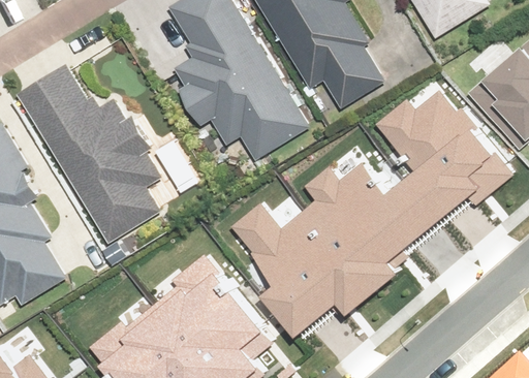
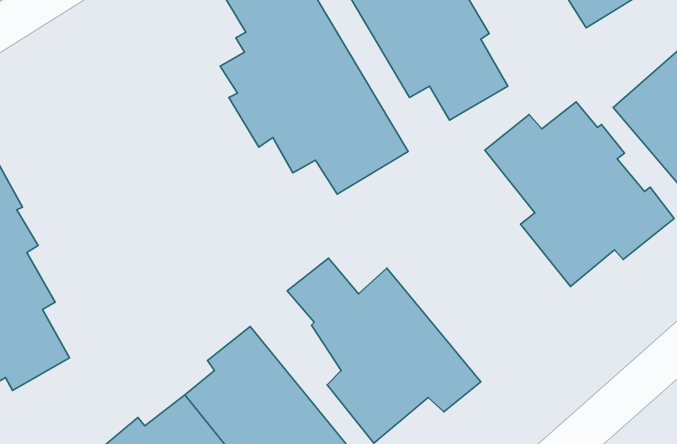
building: [22,65,167,243] -> none
building: [297,166,430,296] -> none

